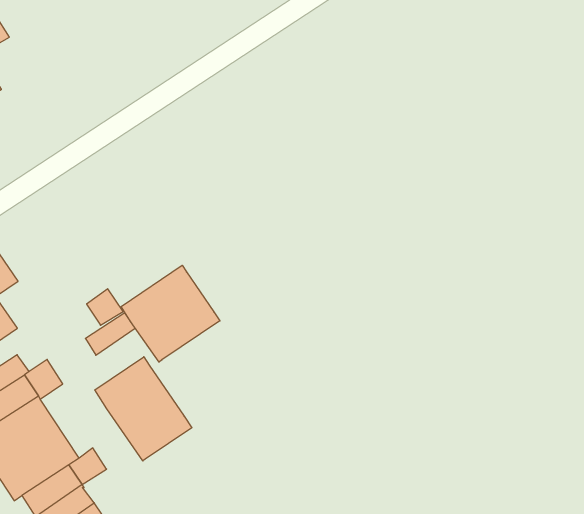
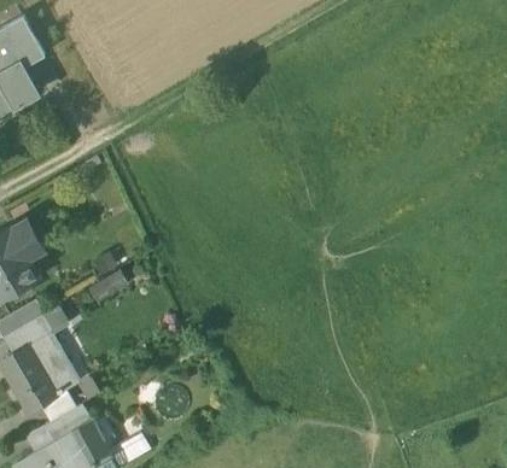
building: [121,265,220,362] -> none
building: [95,357,192,461] -> none

